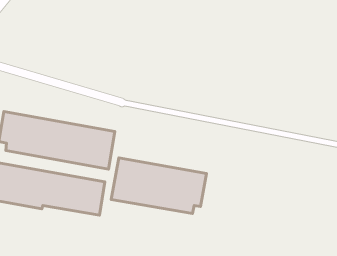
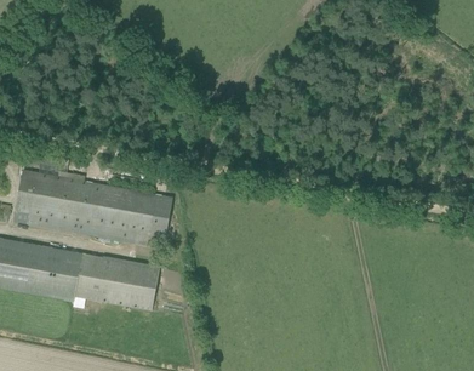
building: [111,158,206,213] -> none

